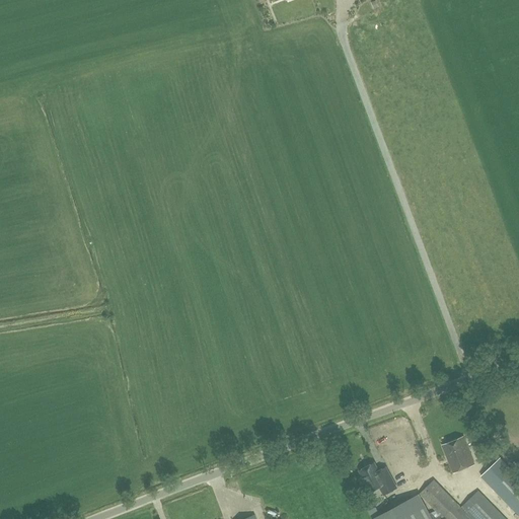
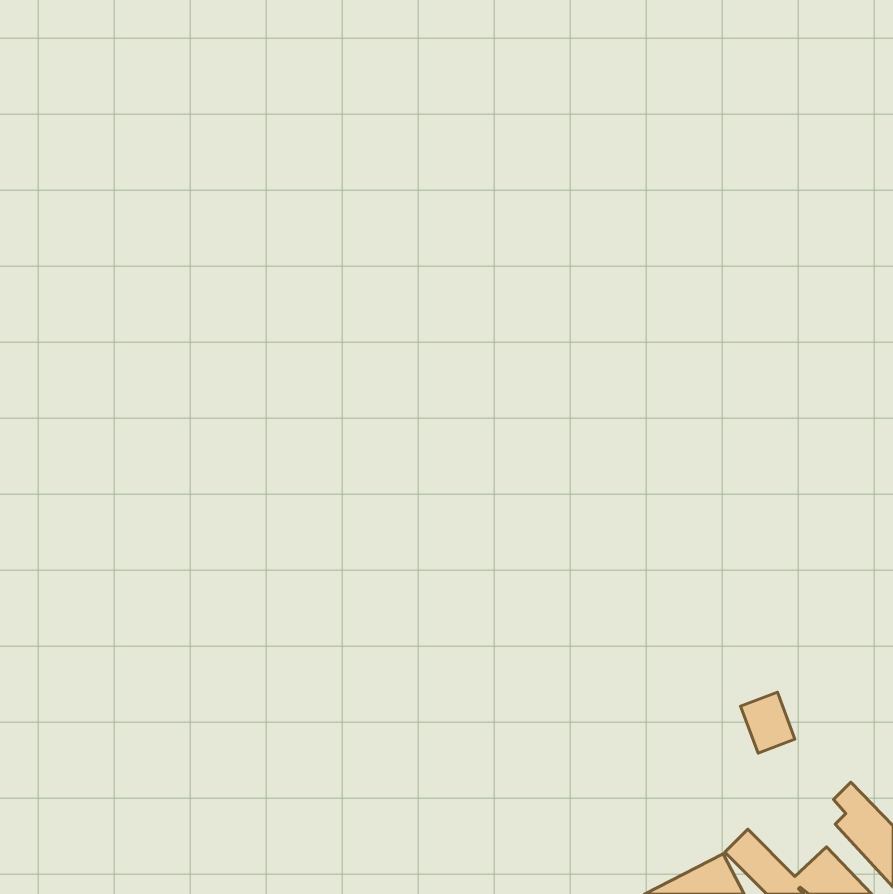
building: [442,437,473,472] -> [741,692,795,753]
building: [359,463,395,495] -> none

